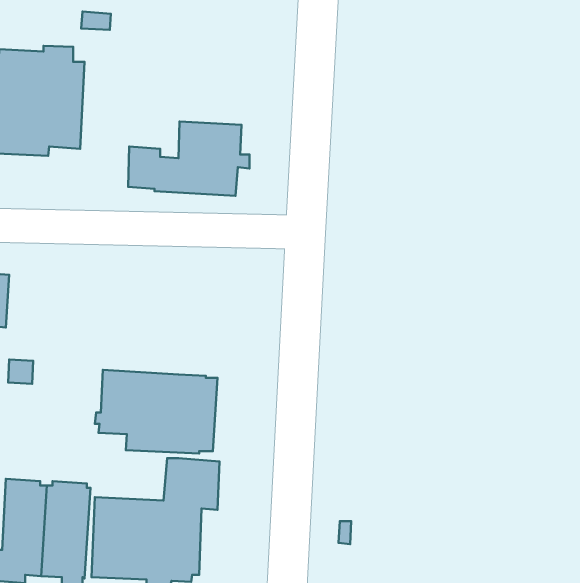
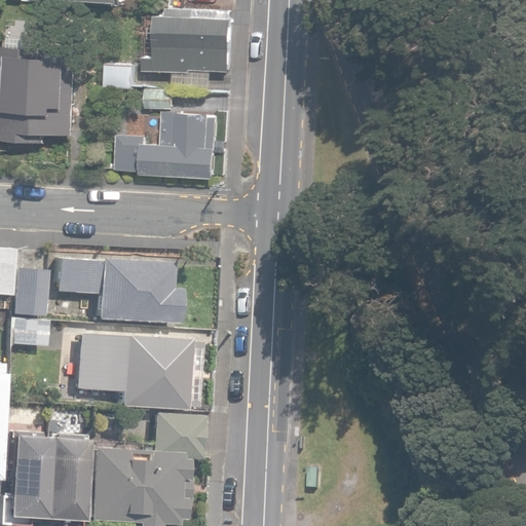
building: none -> [103,8,230,110]
building: none -> [50,259,175,324]
building: none -> [6,268,40,316]

